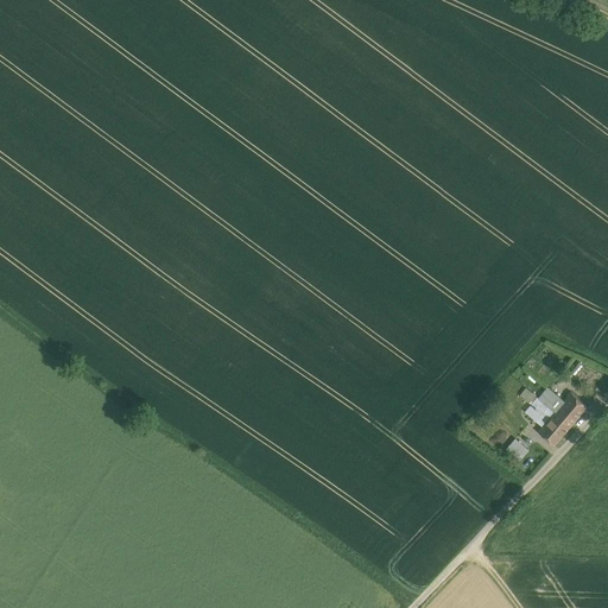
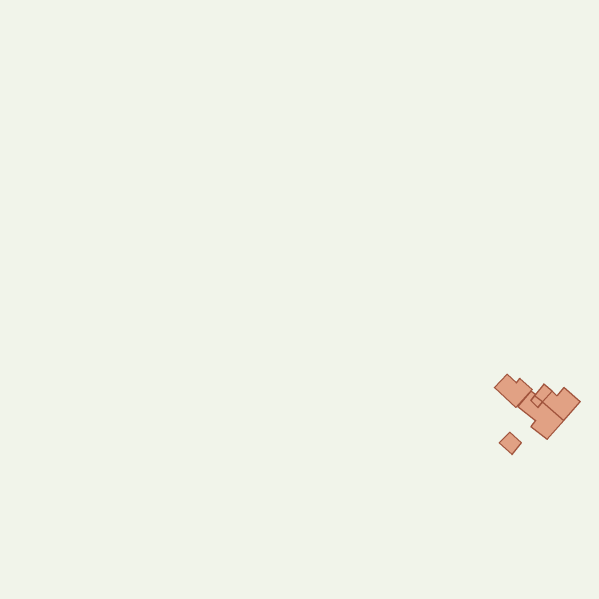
building: none -> [494,374,532,407]

